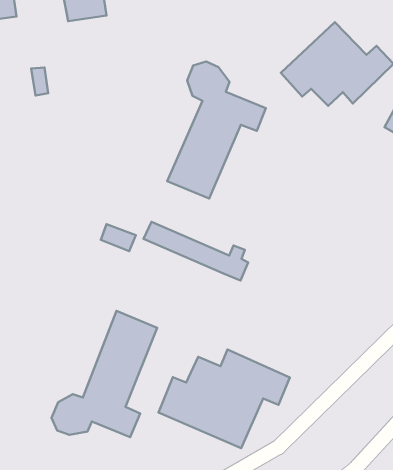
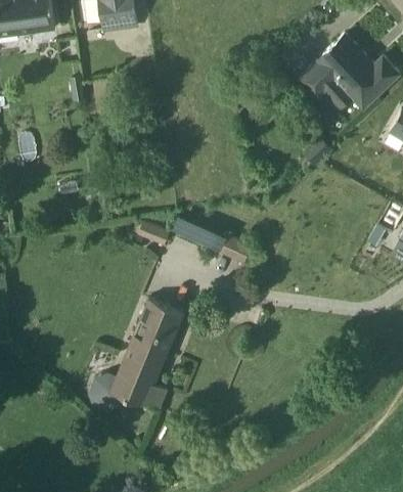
building: [167,61,266,198] -> none
building: [158,349,290,448] -> none

